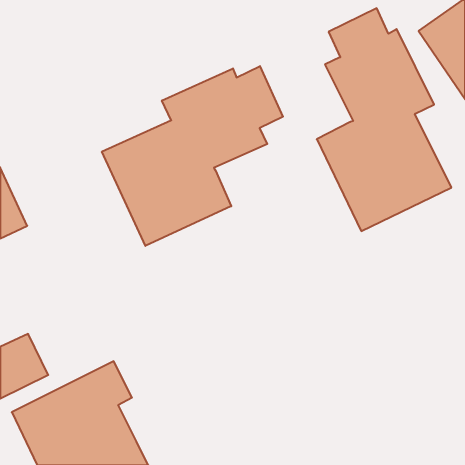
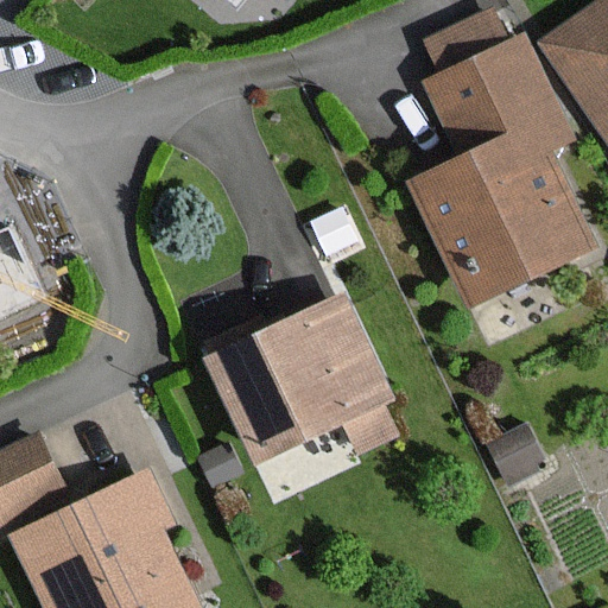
building: [102,66,283,246] -> none
building: none -> [216,302,390,454]

